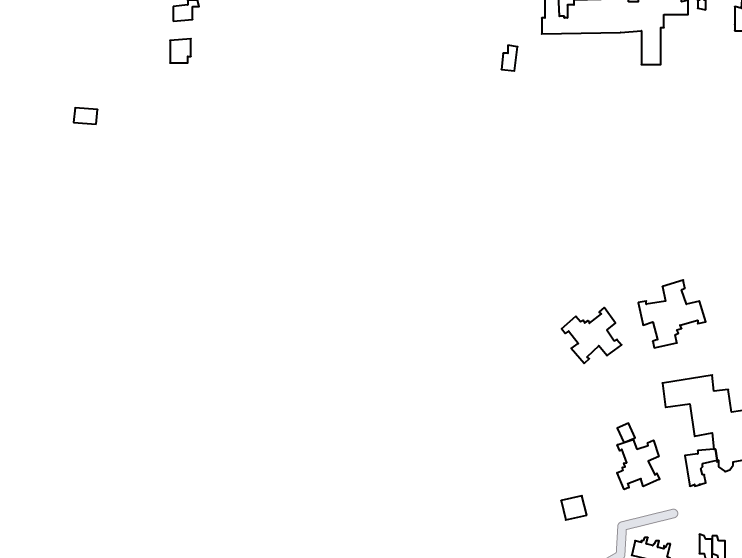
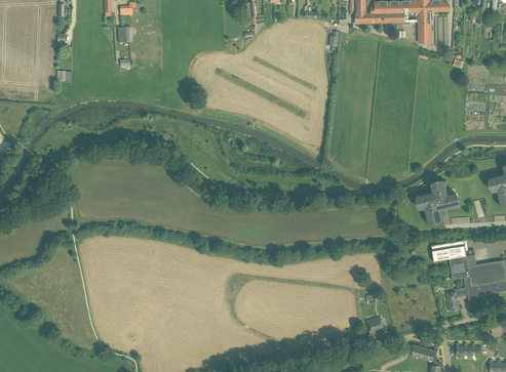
building: [562,308,622,363] -> none
building: [617,439,660,489] -> none

